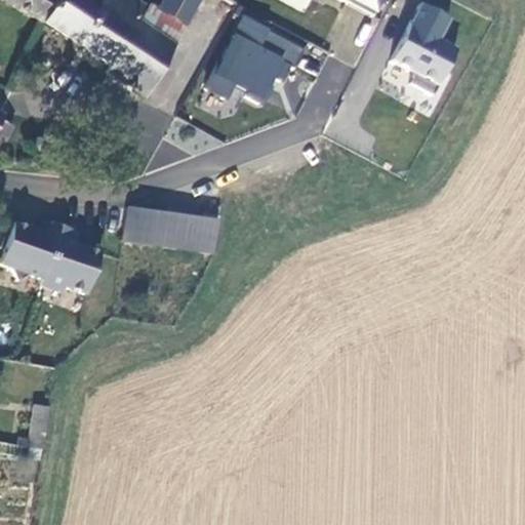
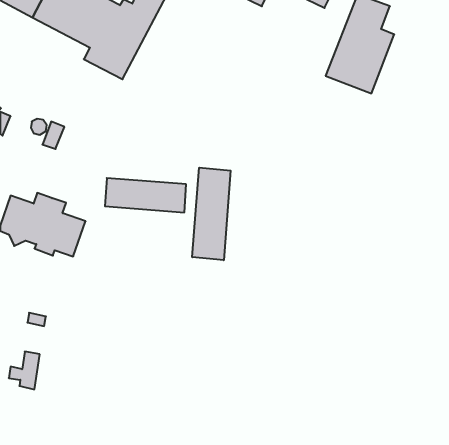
building: [203,7,304,98] -> none
building: none -> [192,168,231,260]

